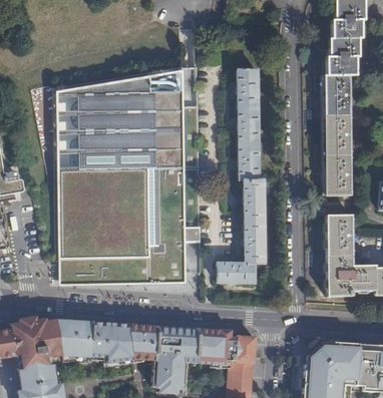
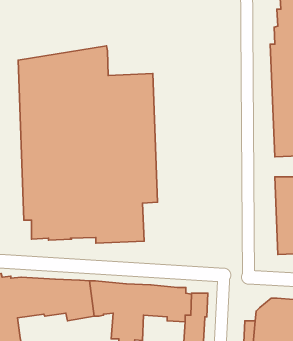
building: [148,67,198,106] -> none
building: [220,68,267,283] -> none

